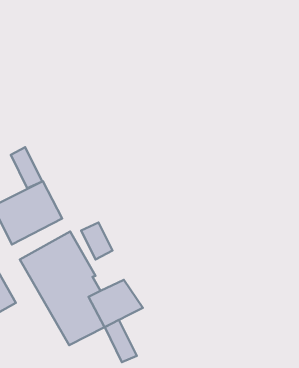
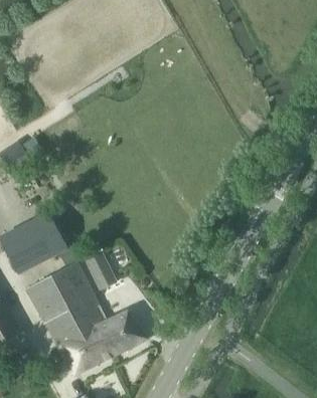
building: [11,147,42,188] -> none
building: [105,320,137,362] -> none

